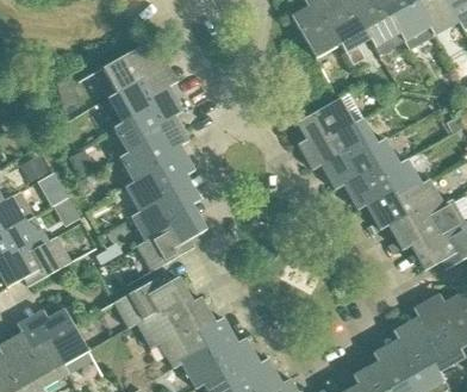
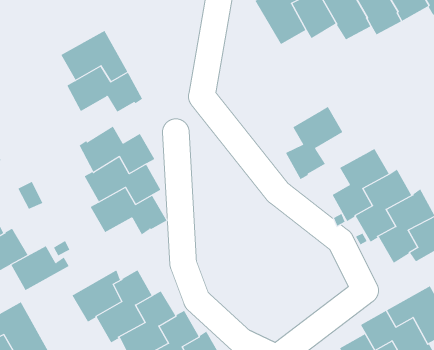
building: [295,93,361,163] -> none
building: [113,108,187,154] -> none
building: [342,138,398,210] -> none
building: [136,226,193,270] -> [10,245,69,291]

